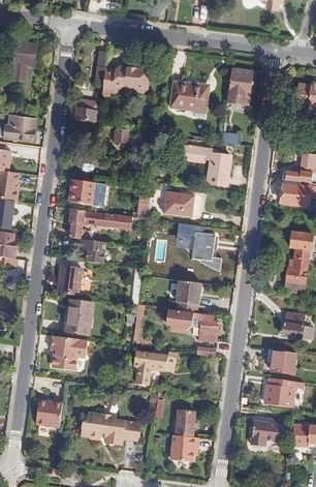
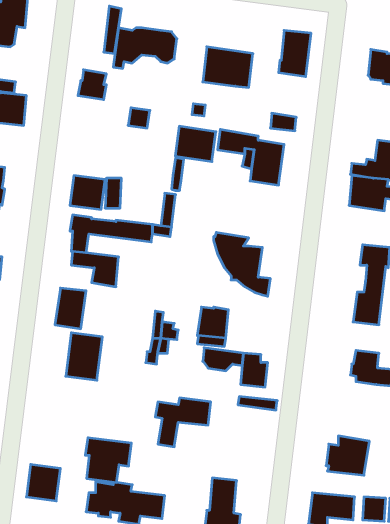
building: [163,190,194,217] -> [175,126,216,162]
building: [51,336,86,370] -> [85,438,131,482]
building: [271,349,295,373] -> none

